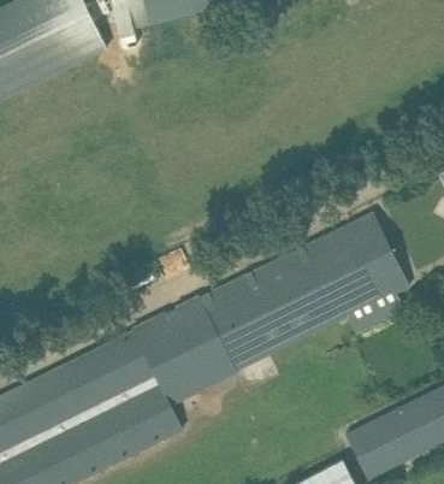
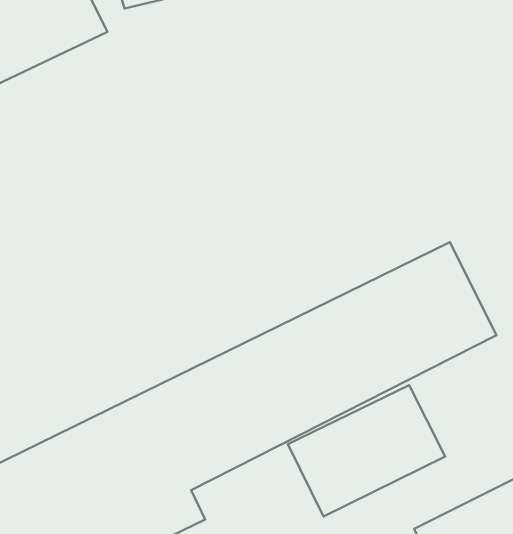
building: none -> [288,385,445,517]

